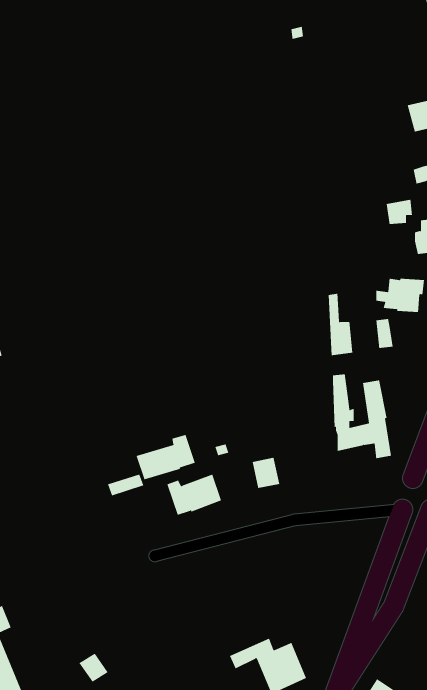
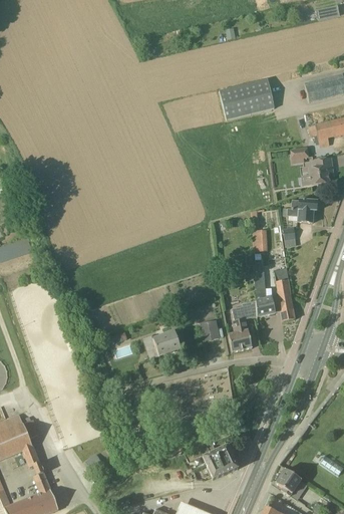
building: none -> [220,78,276,119]
building: [136,434,196,480] -> none
building: none -> [229,306,253,352]

